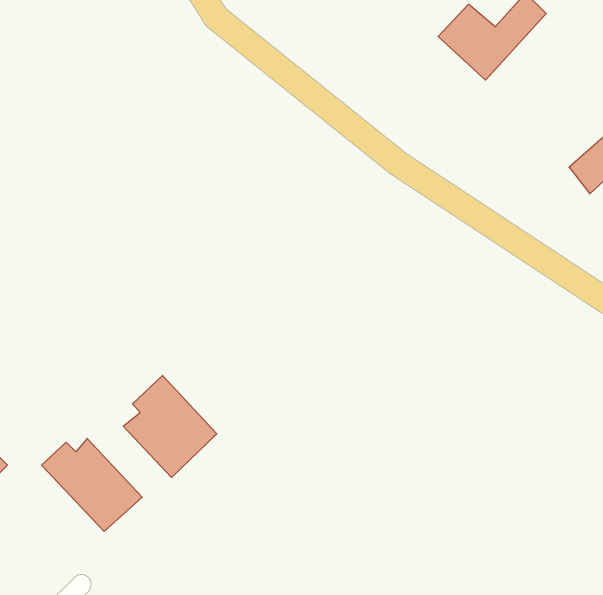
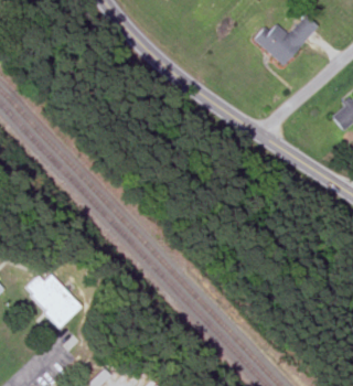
building: [123,375,217,477] -> none

